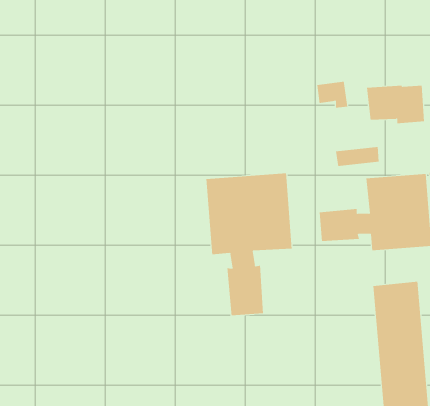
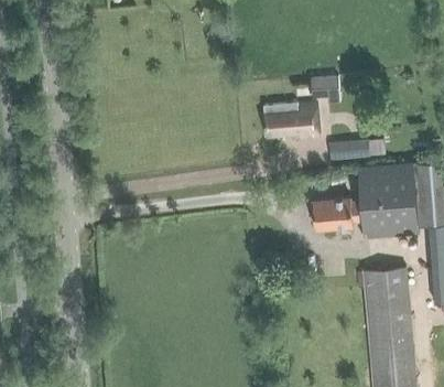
building: [366,85,425,124] -> [261,104,316,140]
building: [206,173,292,316] -> none

